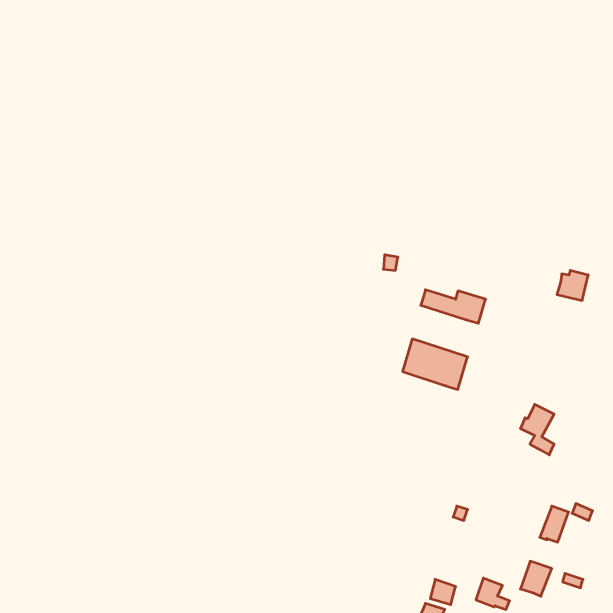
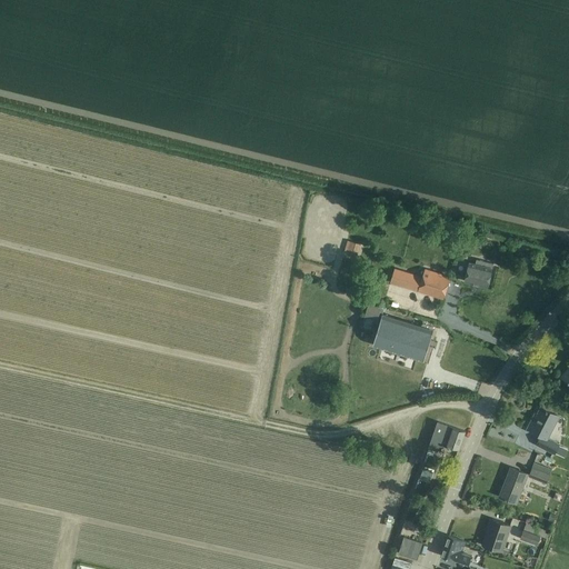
building: [557,270,588,300] -> [463,260,492,288]
building: [520,404,554,455] -> [527,408,558,455]
building: none -> [428,422,463,451]

